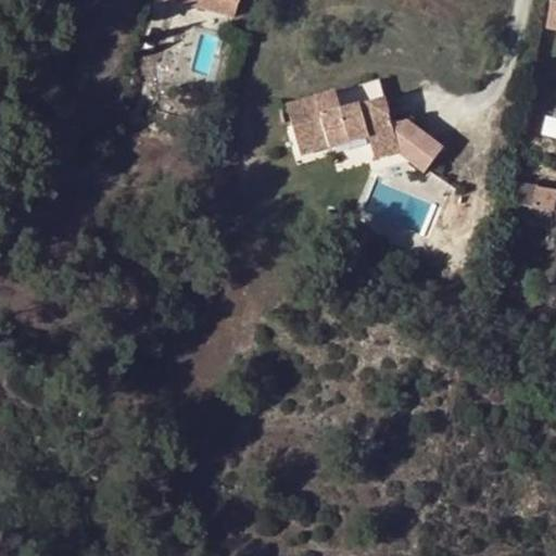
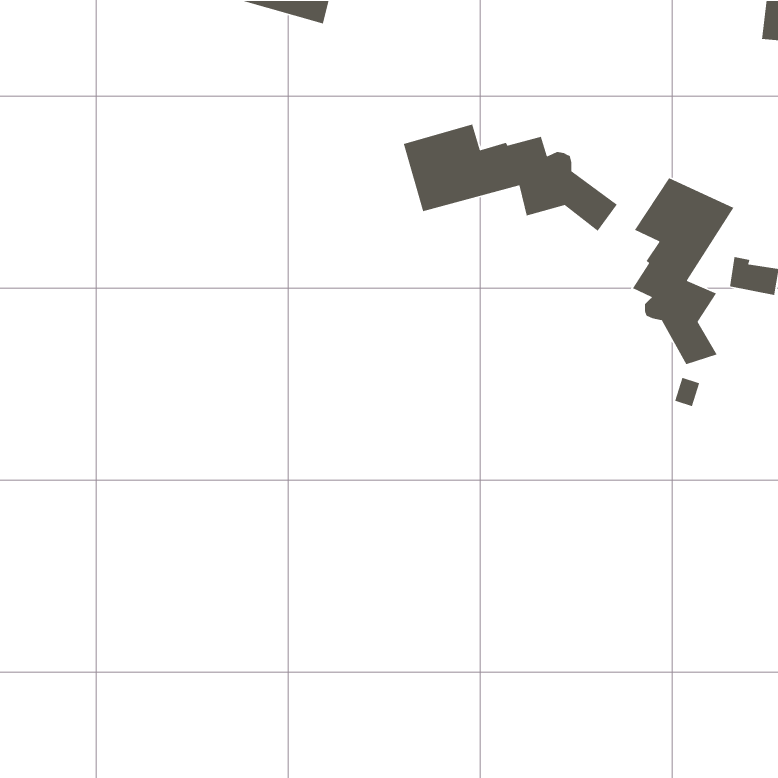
building: none -> [632,177,734,365]

